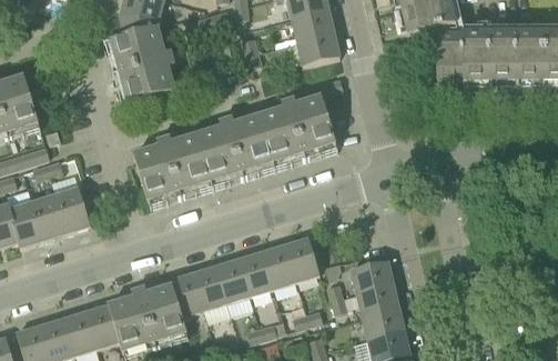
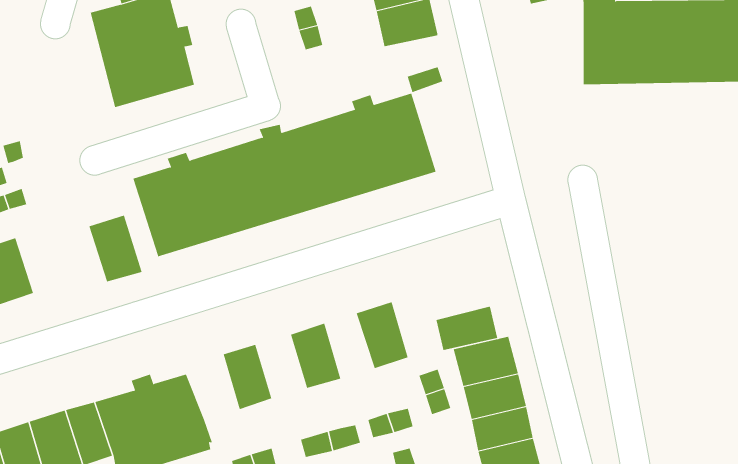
building: [54,184,91,230] -> [88,215,143,282]
building: none -> [436,306,498,351]
building: [263,243,296,288] -> none
building: [216,258,251,301] -> none
building: [169,271,205,315] -> none

